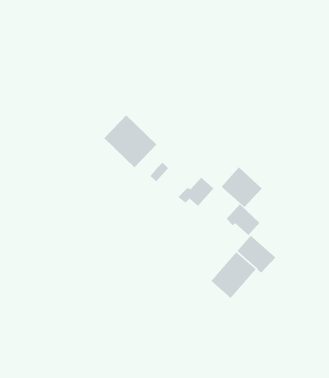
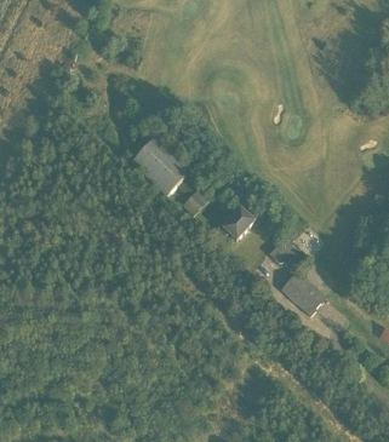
building: [221,167,263,208] -> none
building: [210,251,257,299] -> none

